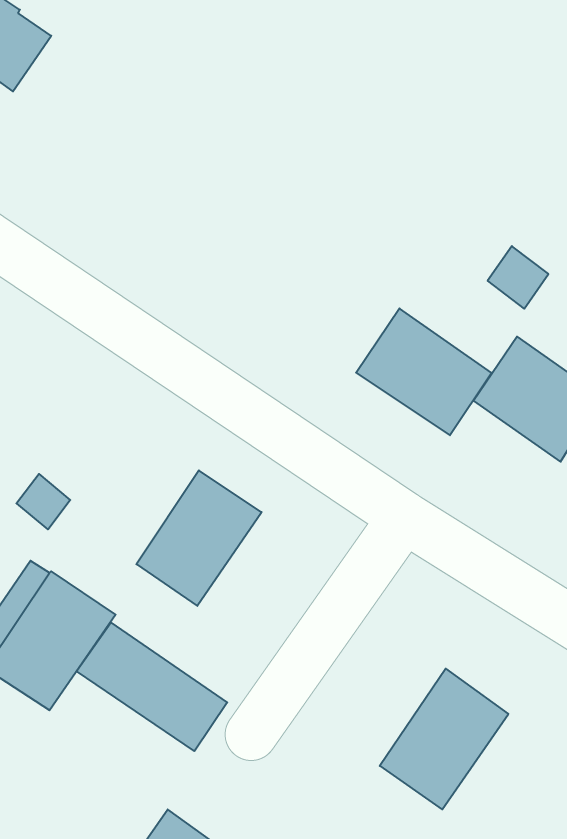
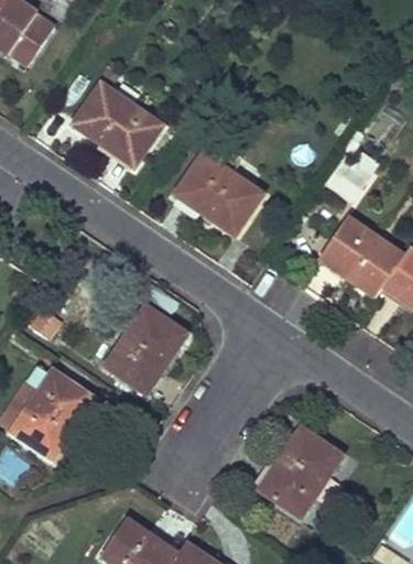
building: none -> [74,84,160,165]
building: [356,308,492,435] -> [175,153,261,234]
building: [76,623,227,751] -> none

